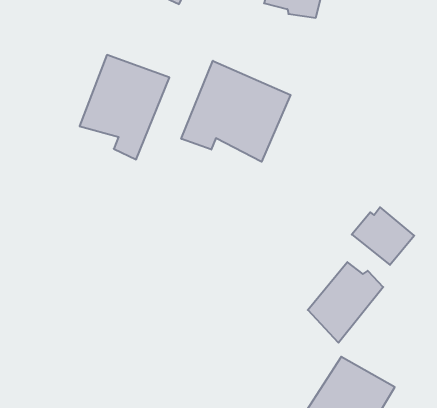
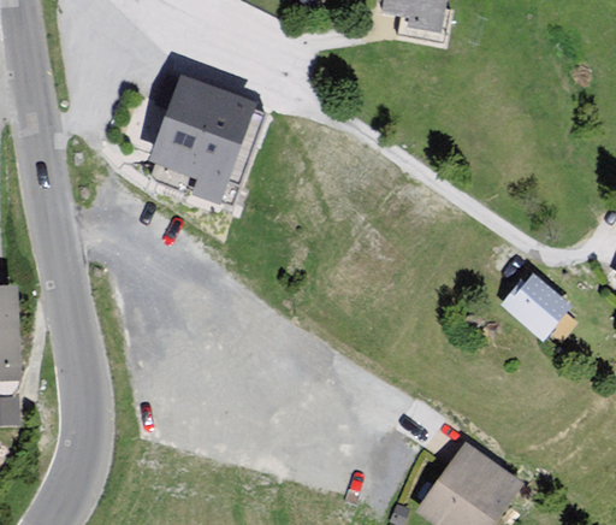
building: [181,61,291,162] -> none
building: [308,262,383,343] -> none

